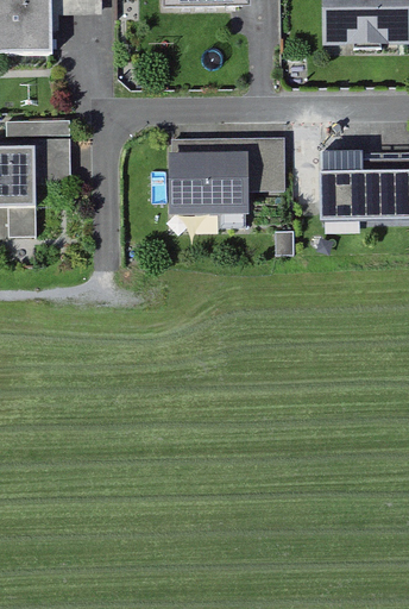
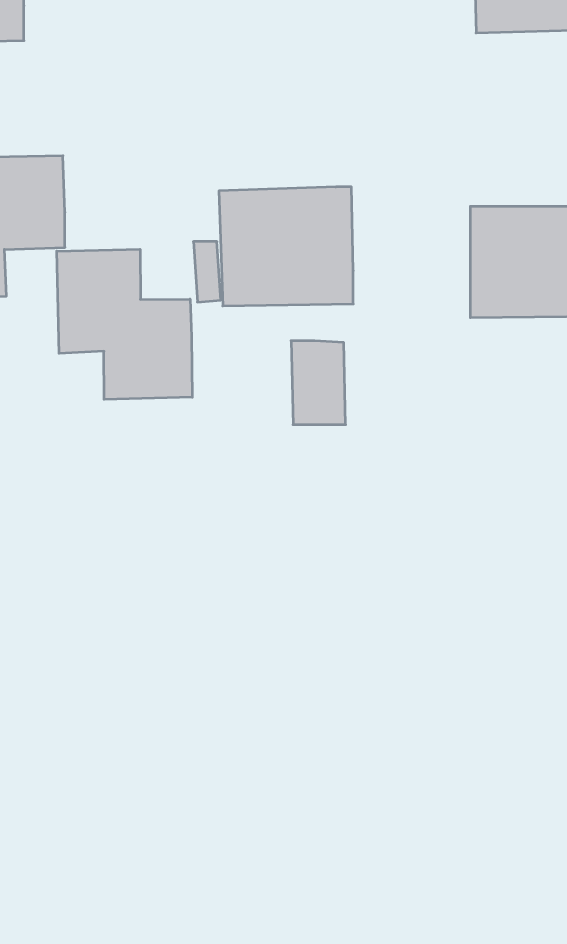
building: [248,140,282,192] -> [291,341,346,425]
building: none -> [57,249,192,399]

